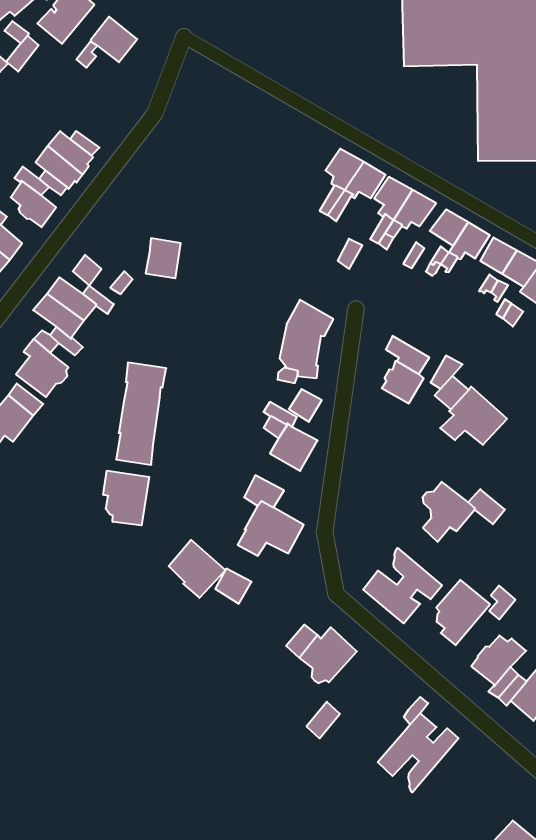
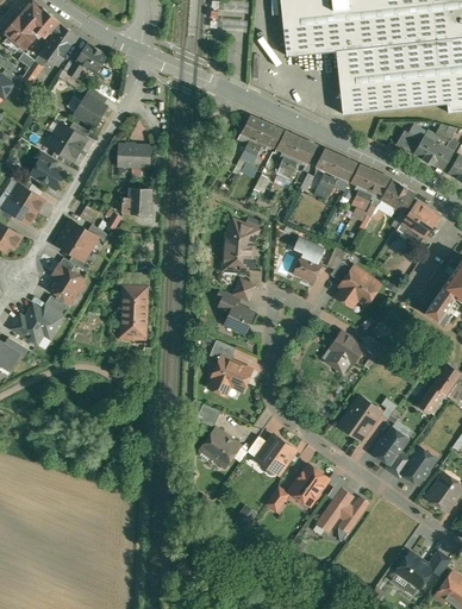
building: none -> [75,94,106,126]
building: none -> [118,144,150,167]
building: [103,471,149,525] -> none
building: [169,540,225,598] -> [202,427,241,465]
building: [363,548,442,623] -> none
building: none -> [289,463,329,501]

